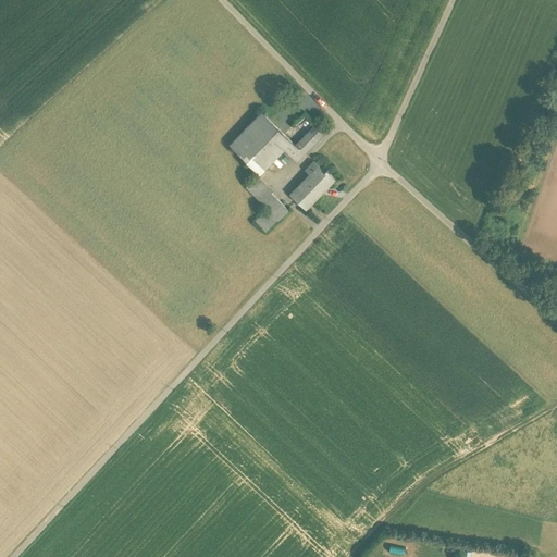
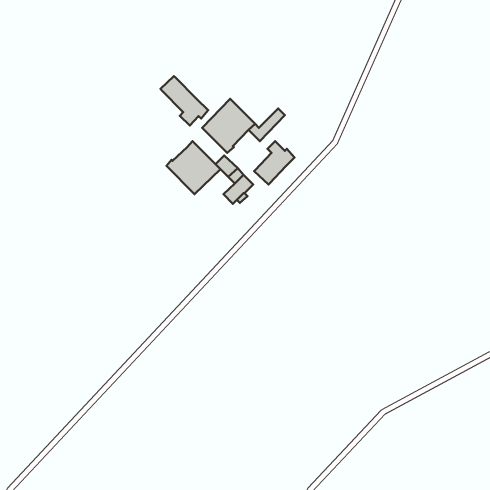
building: none -> [160,76,208,126]
building: none -> [166,141,220,194]

